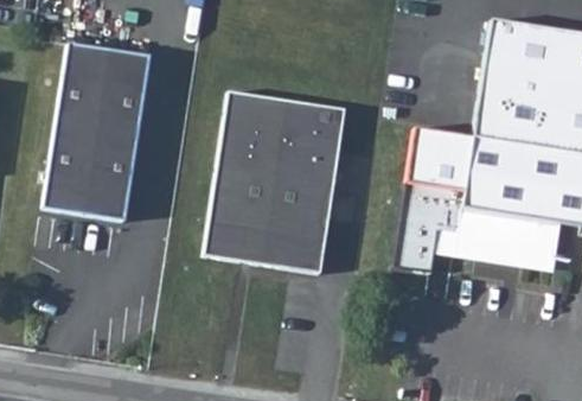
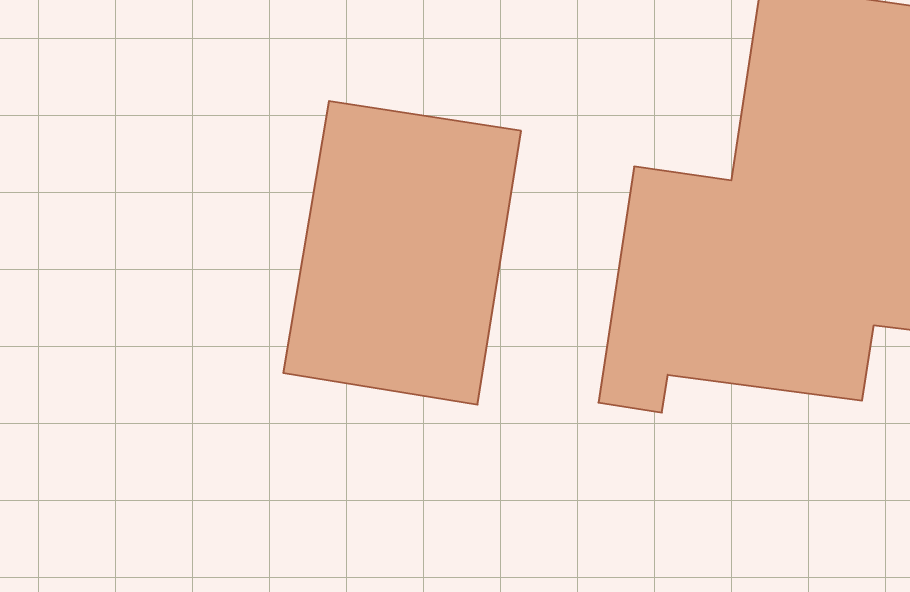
building: [43,42,146,217] -> none

